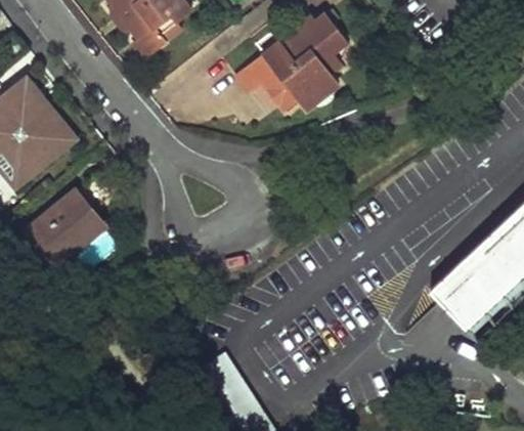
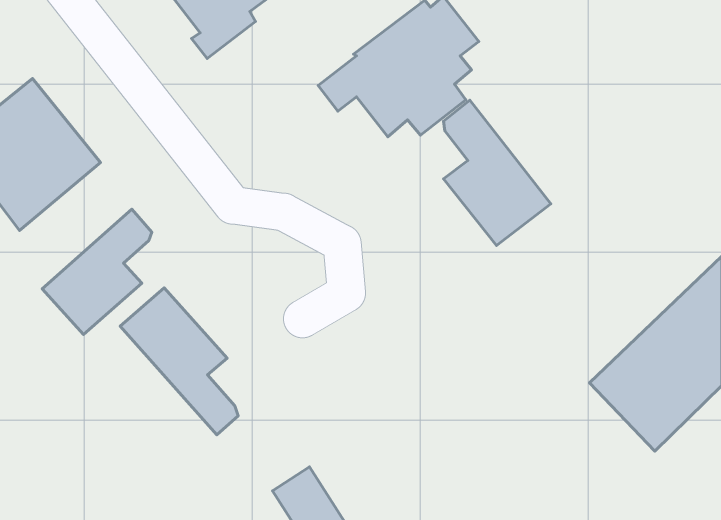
building: none -> [443,100,551,246]
building: none -> [120,288,238,435]

